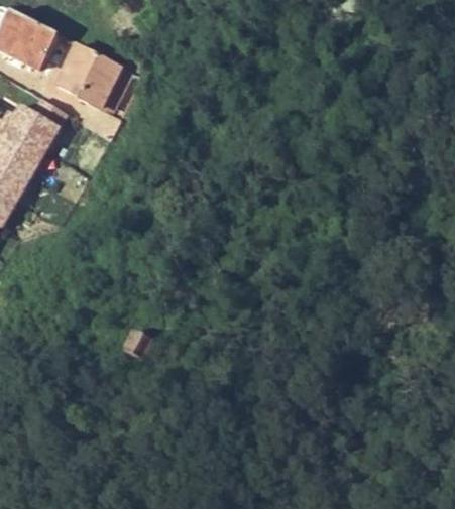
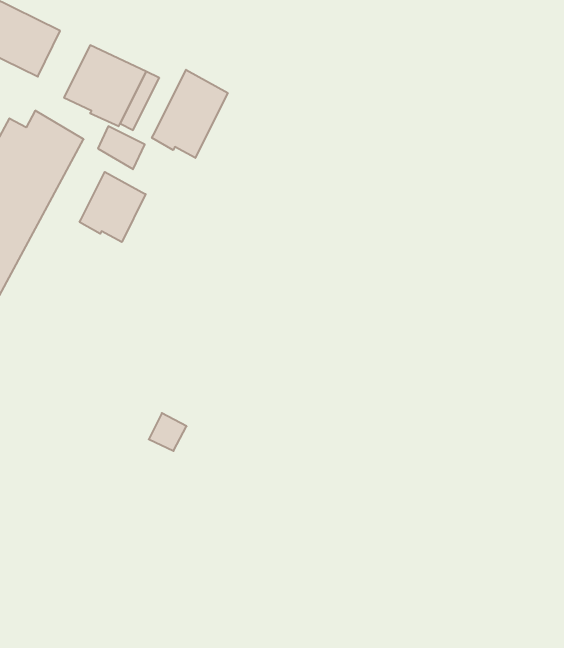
building: none -> [152,70,228,158]
building: none -> [80,172,146,242]

